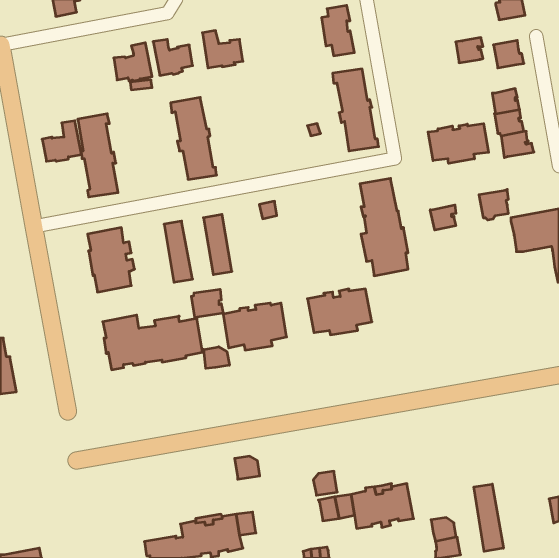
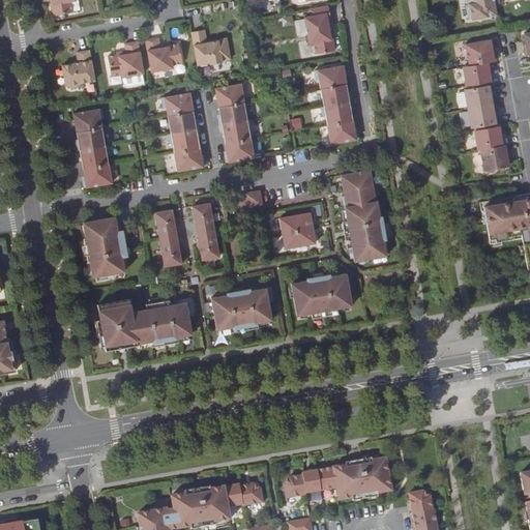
building: [456,38,483,63] -> [465,61,491,85]
building: none -> [215,82,254,161]
building: [42,121,81,161] -> [58,50,95,88]
building: [428,124,489,163] -> none
building: [479,189,508,220] -> [480,143,508,172]
building: [430,205,456,230] -> none
building: none -> [279,212,316,247]
building: [191,289,223,318] -> none
building: [204,347,229,368] -> none
building: [235,456,260,479] -> [239,483,263,505]
building: [313,471,337,495] -> [283,475,305,498]
building: [474,484,503,551] -> none

